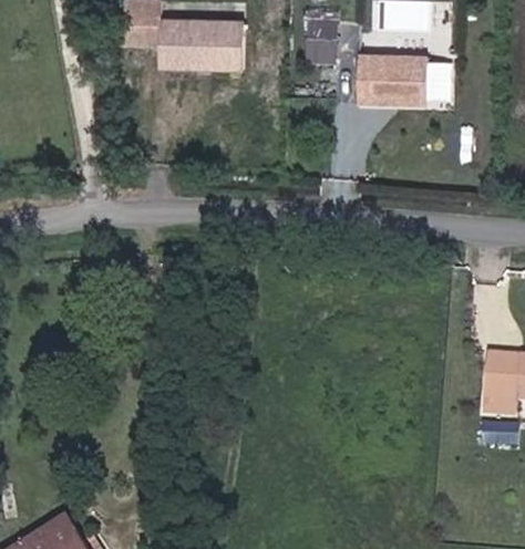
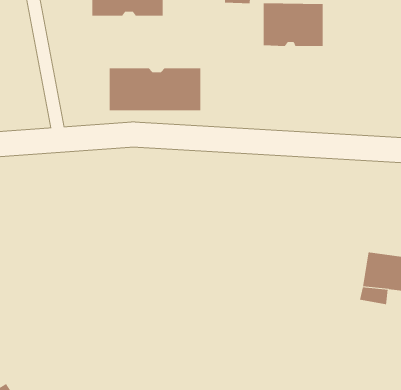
building: none -> [109,67,201,111]

